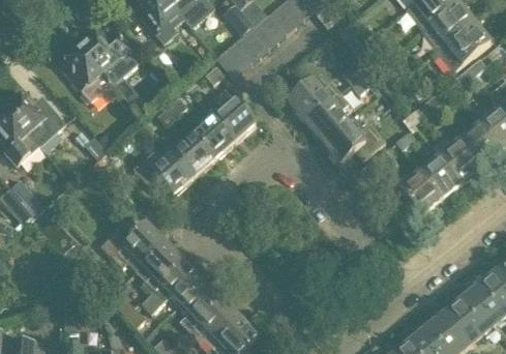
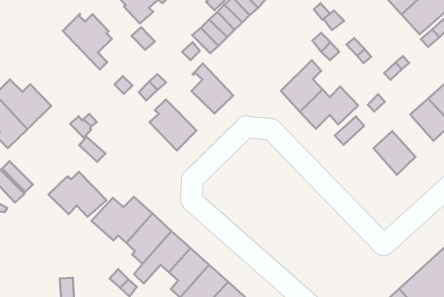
building: [62,45,119,99] -> none
building: [288,71,340,120] -> none
building: [186,114,236,156] -> none
building: [135,145,195,193] -> [48,172,106,217]
building: [420,152,463,197] -> none

